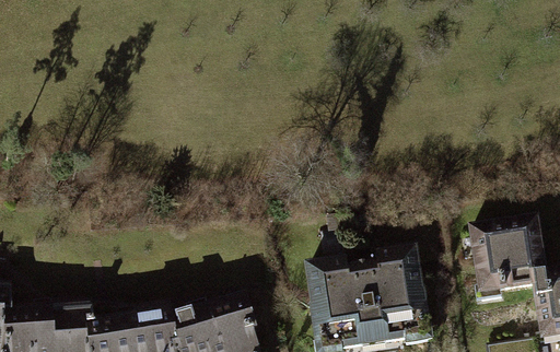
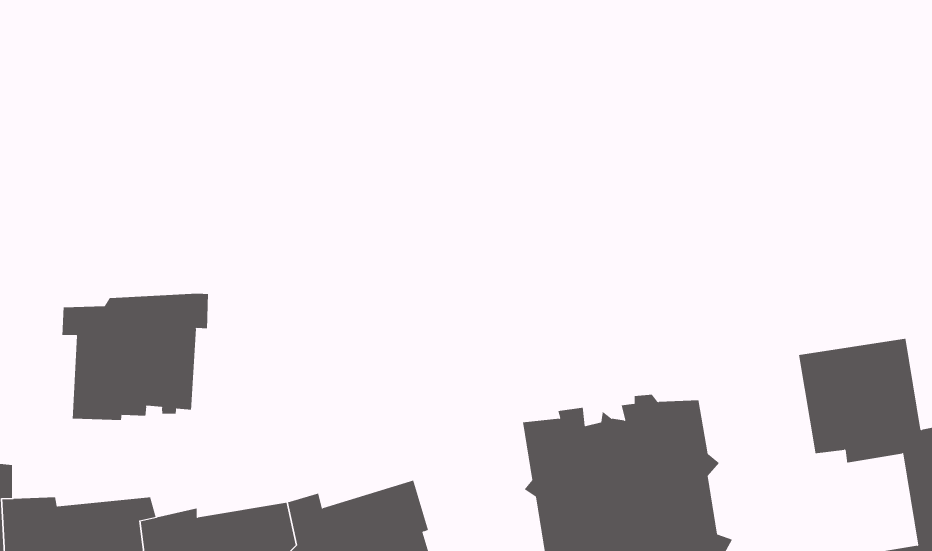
building: none -> [62,293,209,421]

